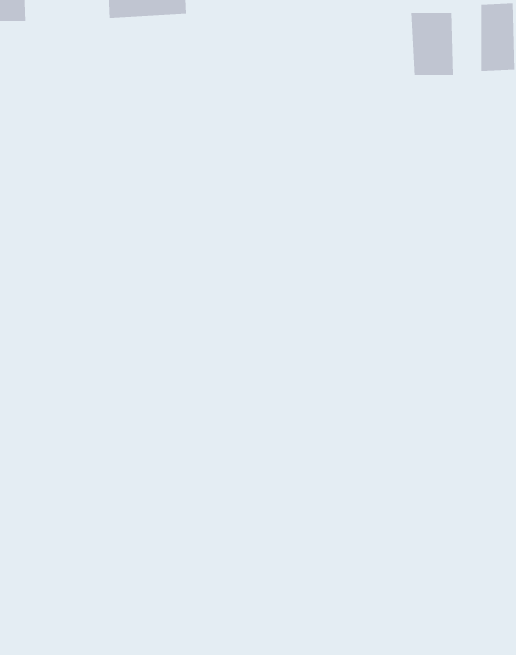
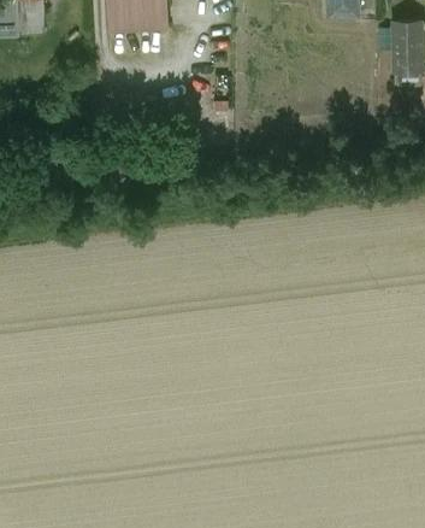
building: [411,12,453,76] -> none

